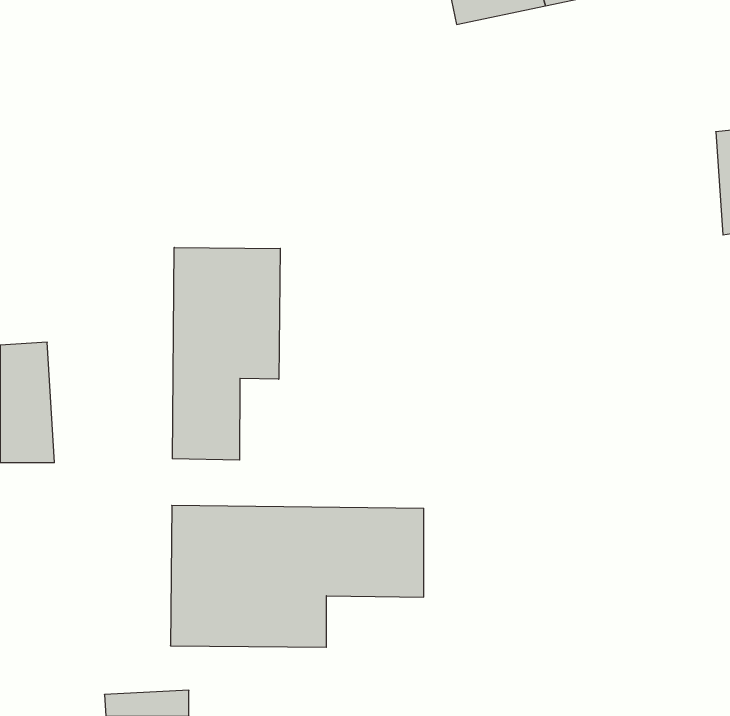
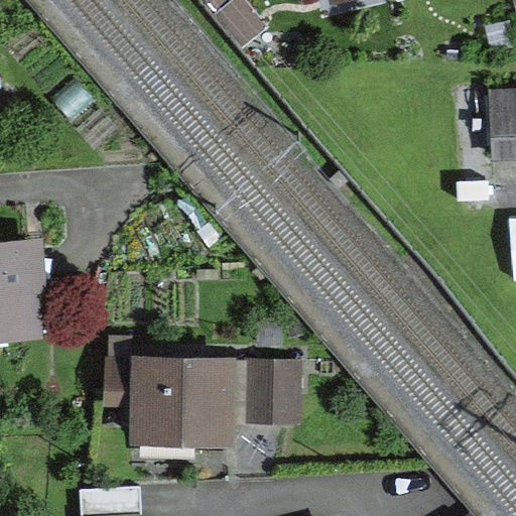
building: [172,247,280,460] -> none

